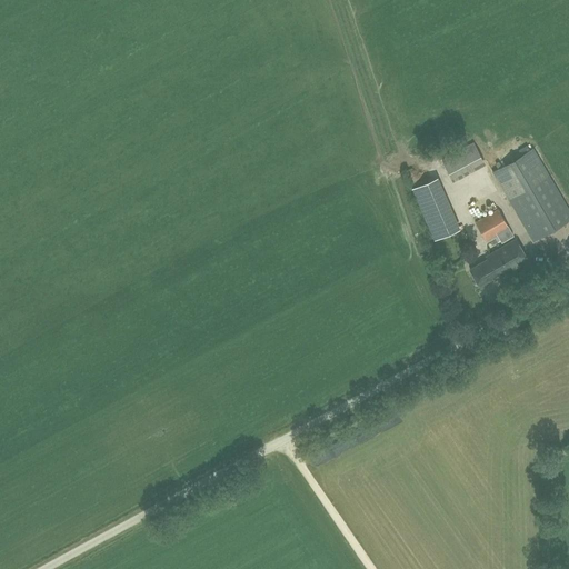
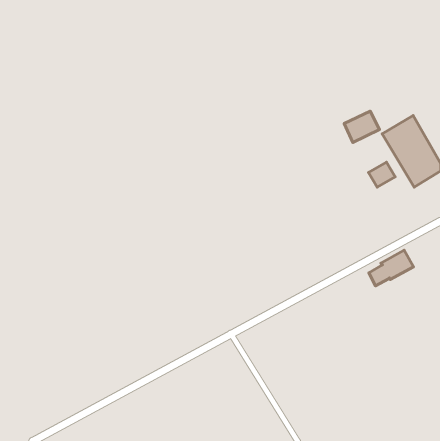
building: [413,180,455,240] -> none
building: [471,240,529,286] -> [369,250,414,286]

